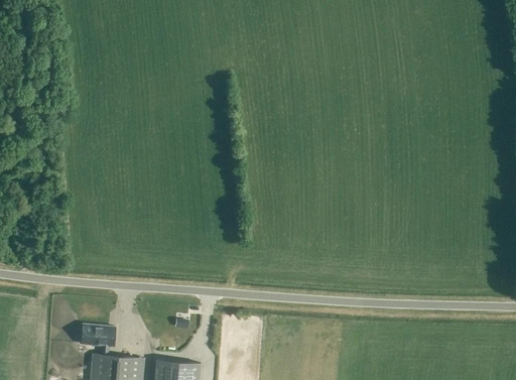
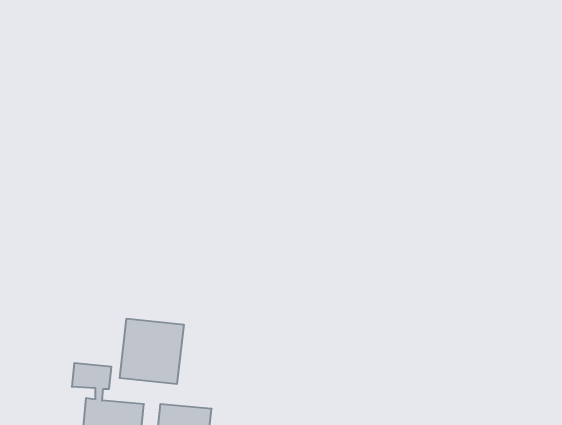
building: none -> [120,319,184,384]

